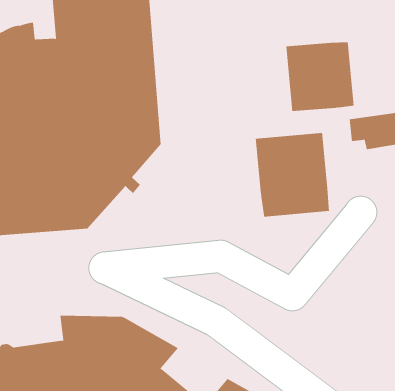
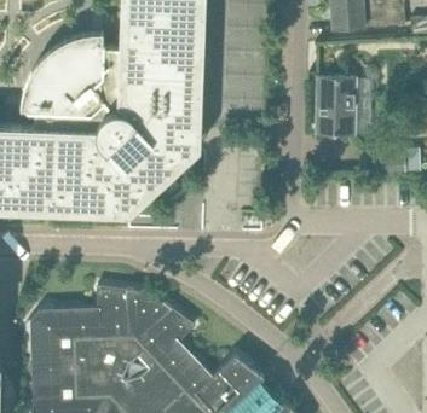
building: [255,132,330,218] -> none

